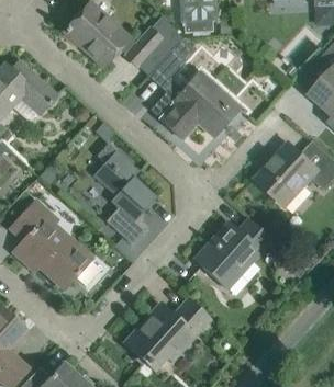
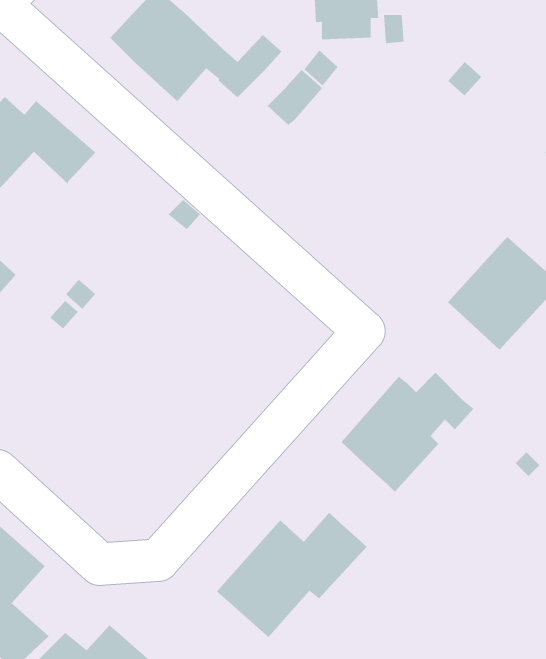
building: [159,71,240,138] -> none
building: [92,149,156,243] -> none
building: [10,200,101,289] -> none

